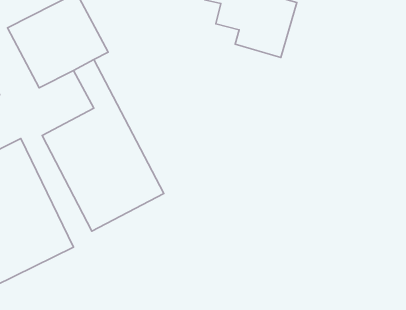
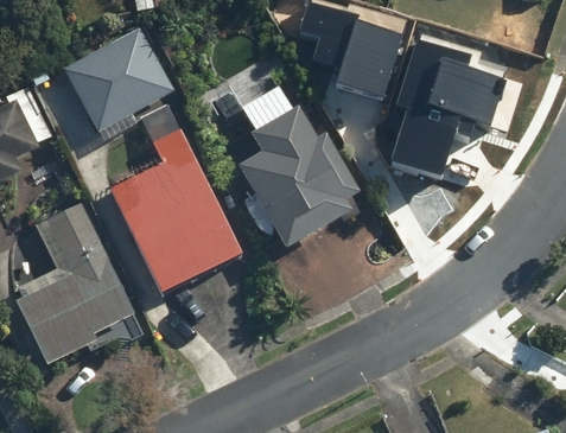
building: none -> [386,40,498,178]
building: none -> [244,106,364,244]

